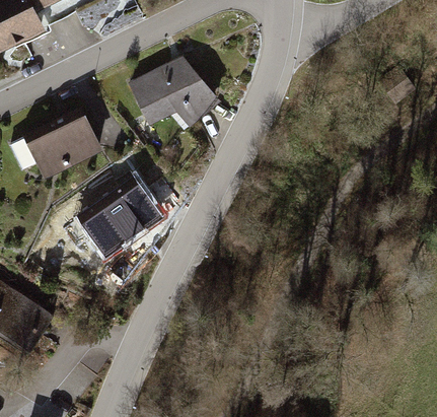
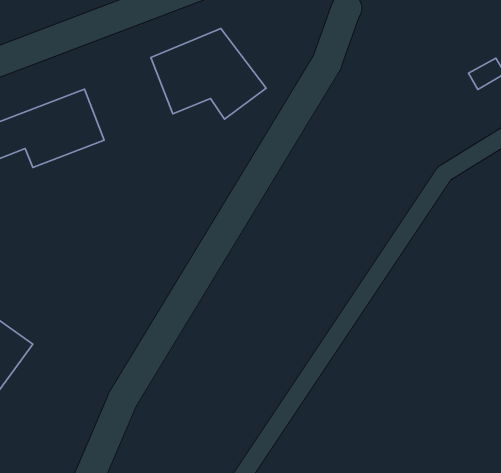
building: [82,182,158,254] -> none

